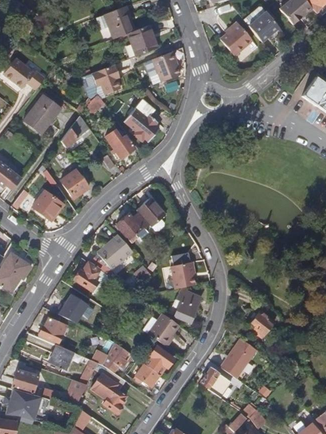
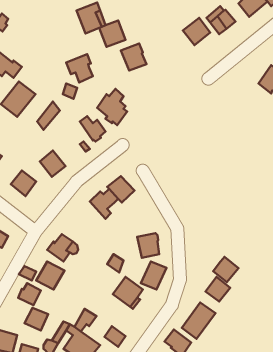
building: [100,234,134,269] -> none
building: none -> [213,257,238,282]
building: [143,344,173,374] -> none

